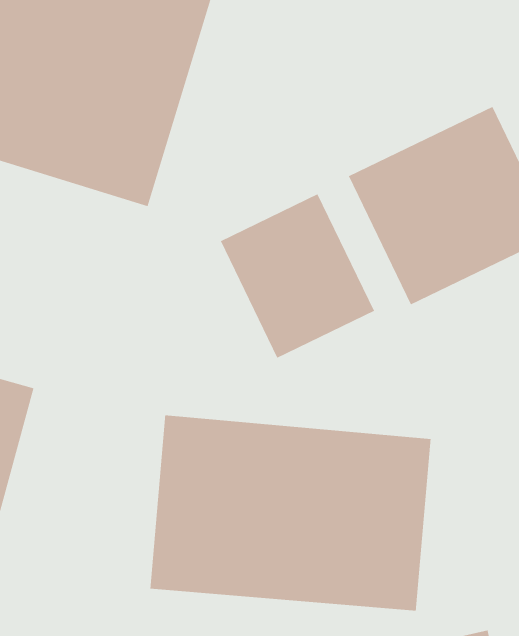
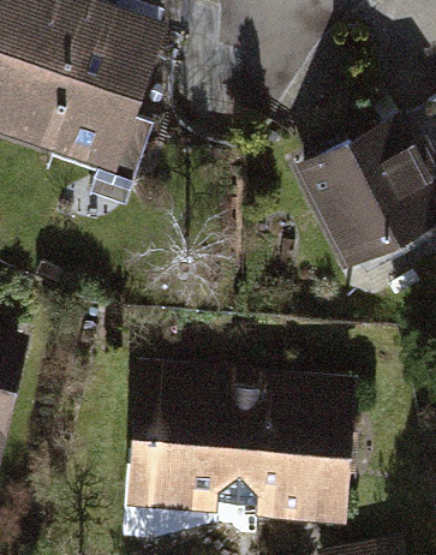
building: [220,193,375,359] -> none

